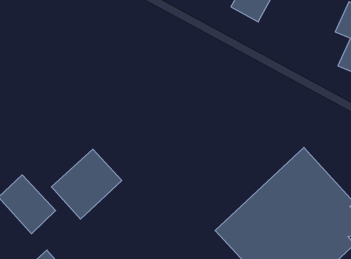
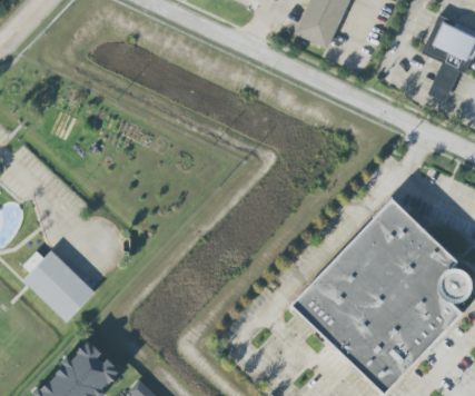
building: [51,149,122,219] -> none

